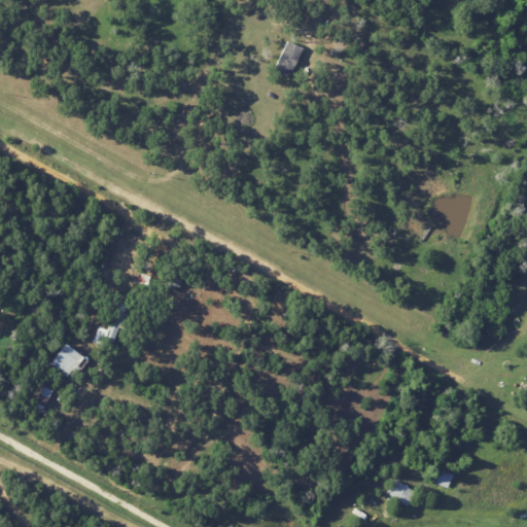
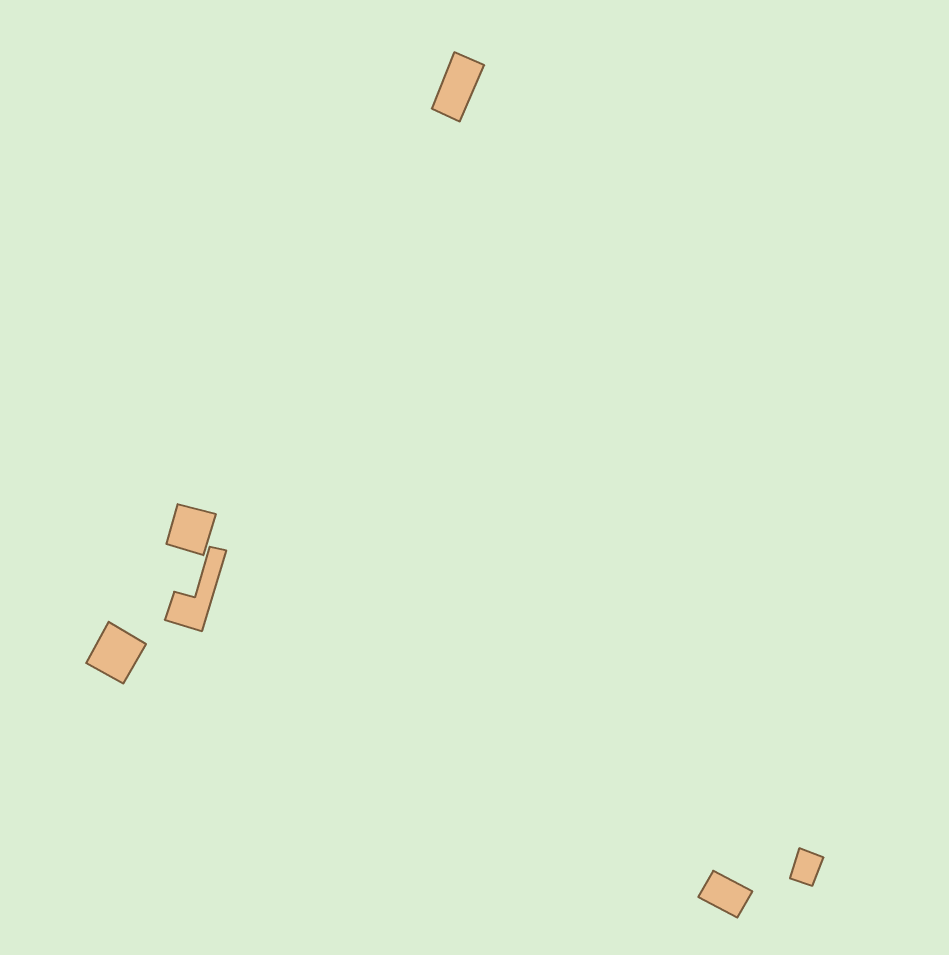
building: [276,40,305,78] -> [432,52,484,121]
building: none -> [166,504,216,555]

